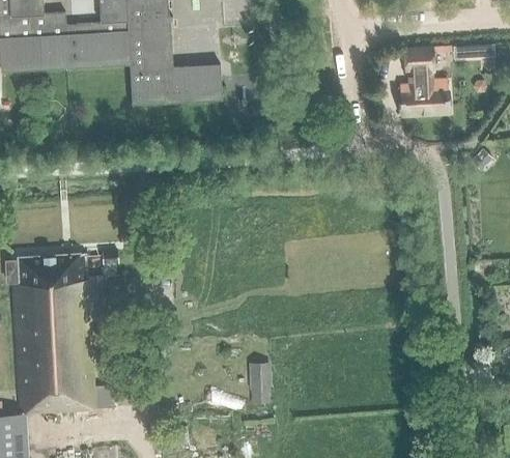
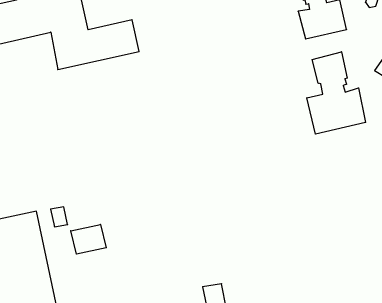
building: none -> [307,52,366,134]
building: none -> [71,224,106,254]

